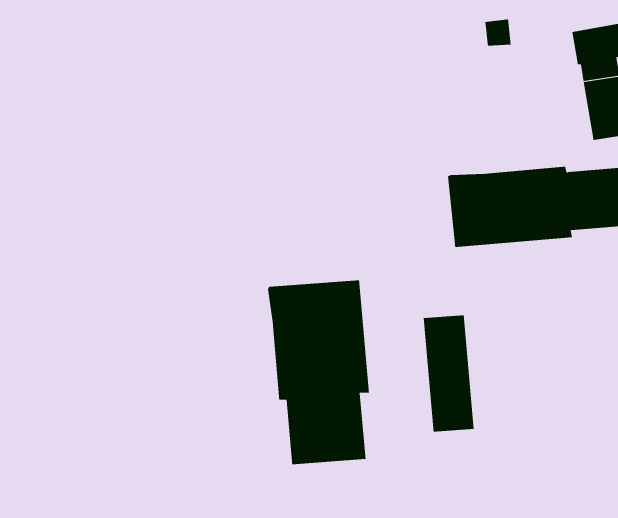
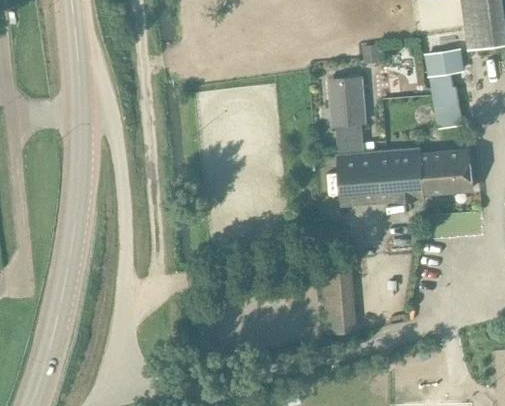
building: none -> [329,81,362,154]
building: [267,279,369,465] -> none

